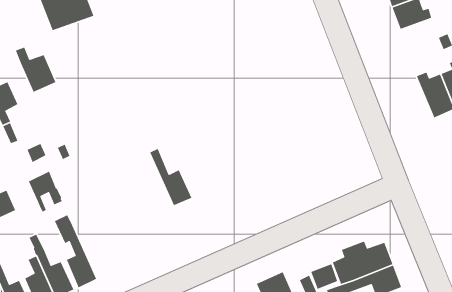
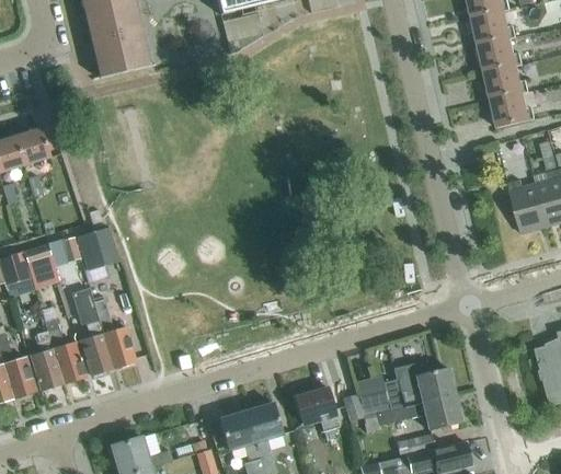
building: [15,46,56,93] -> none
building: [149,148,192,206] -> [93,299,136,368]
building: none -> [77,227,119,270]
building: none -> [23,245,56,278]

